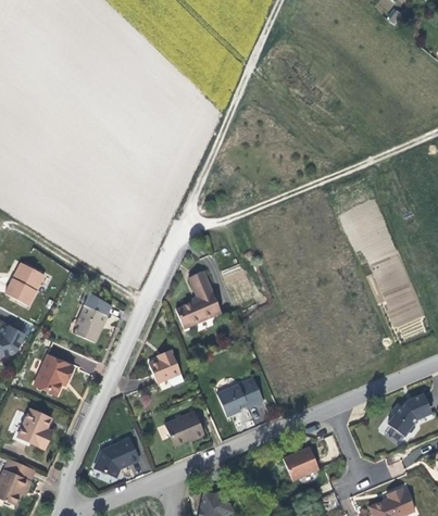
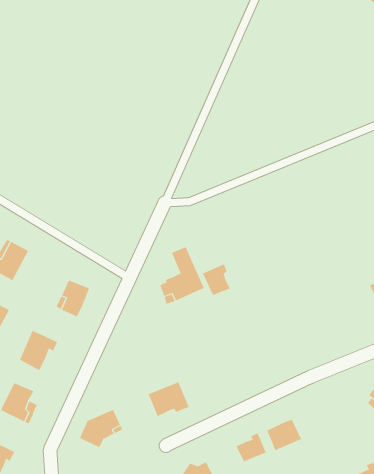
building: none -> [202,264,231,296]
building: [148,348,186,386] -> none
building: [216,380,261,417] -> none
building: none -> [236,433,267,462]

